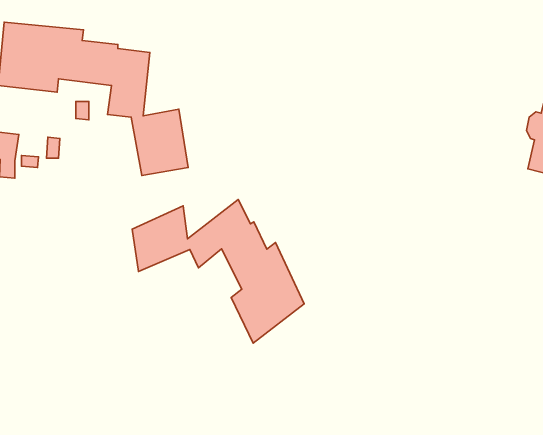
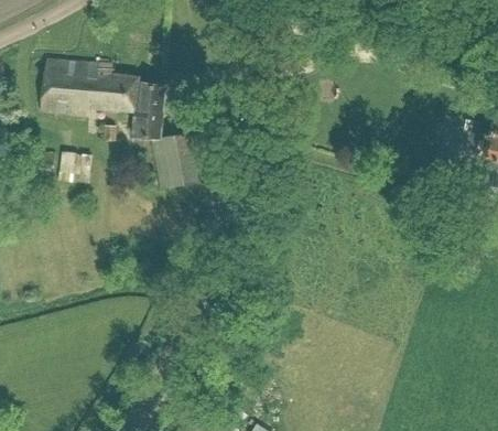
building: [132,200,304,343] -> none

